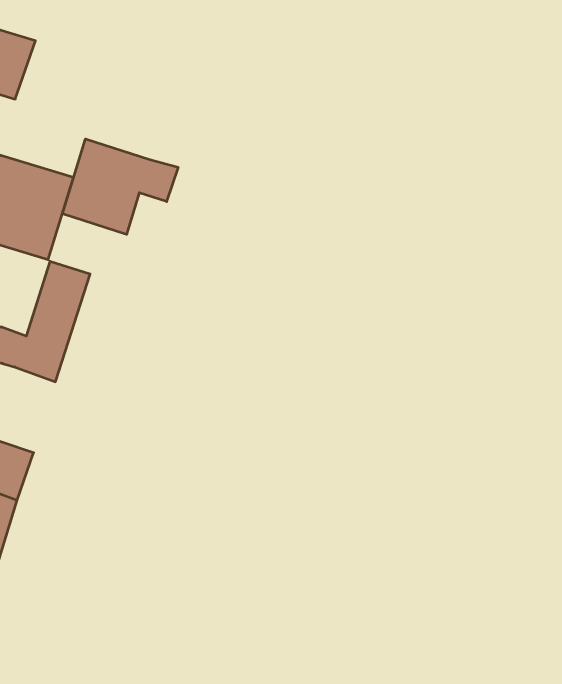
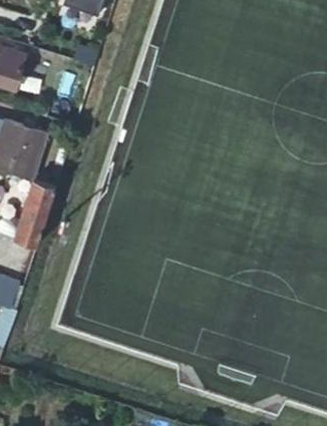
building: [62,139,178,234] -> none

